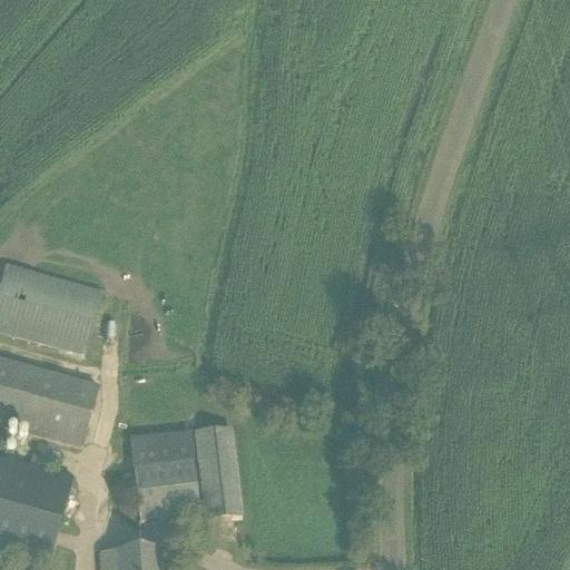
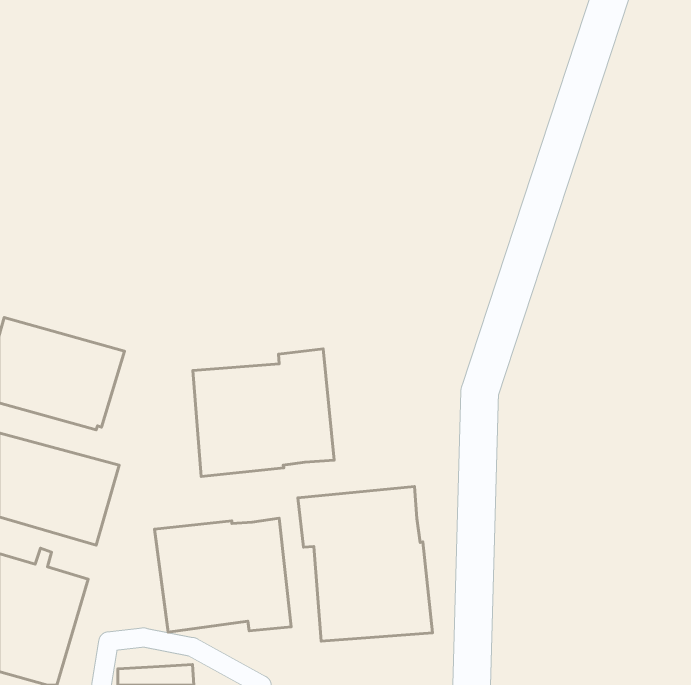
building: none -> [193,349,334,477]
building: none -> [298,486,432,641]

